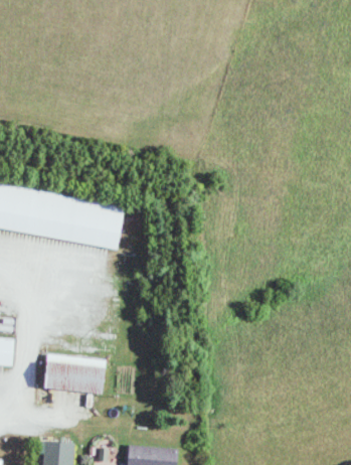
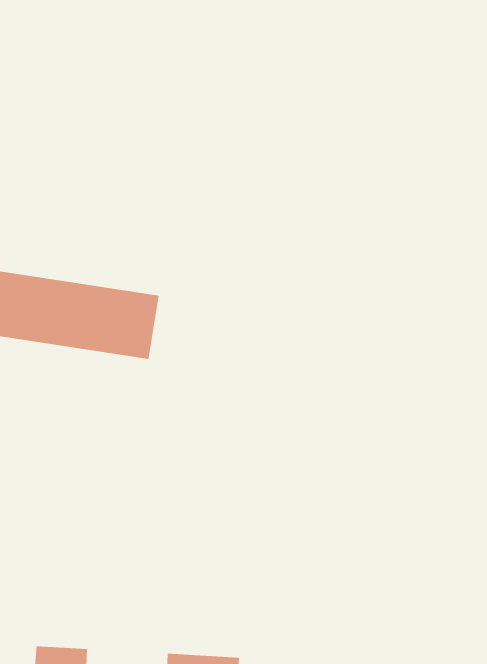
building: [44,354,106,392] -> none

